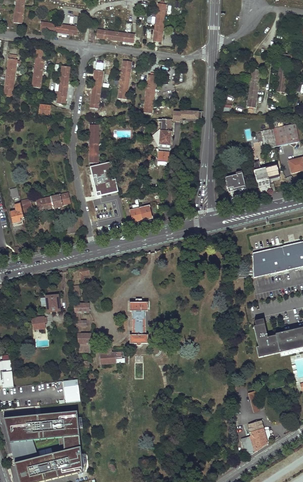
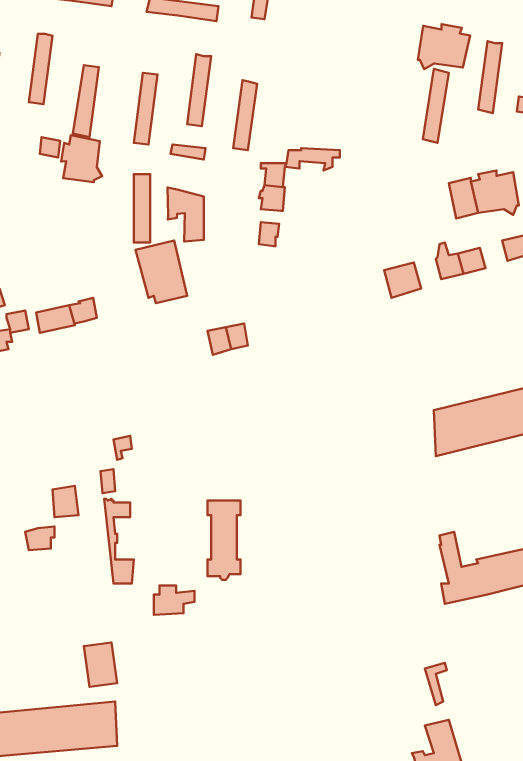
building: none -> [418,24,470,69]
building: none -> [61,135,102,182]
building: none -> [167,188,204,241]

